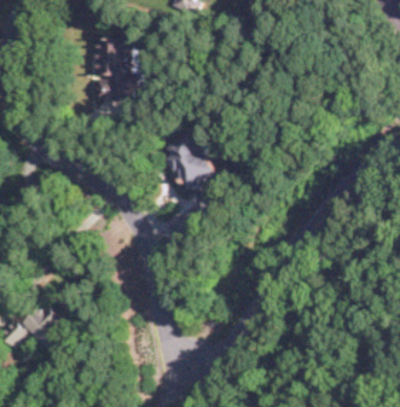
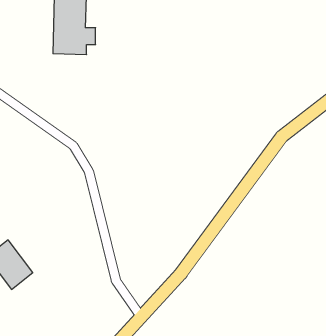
building: [158,132,216,194] -> none

